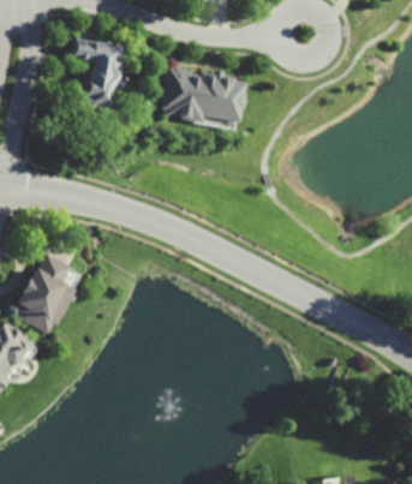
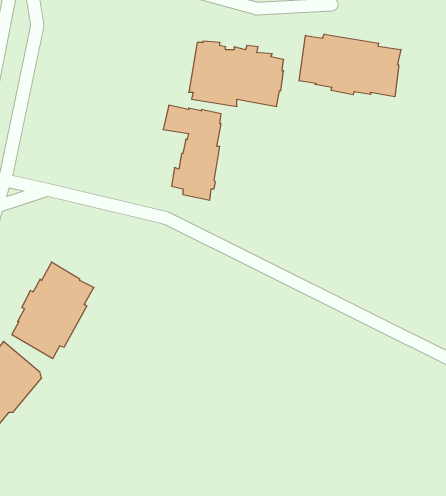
building: [72,36,121,116] -> [163,105,221,200]
building: none -> [299,34,401,97]

